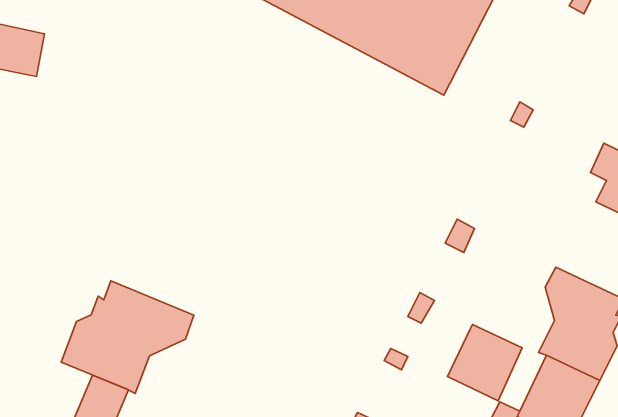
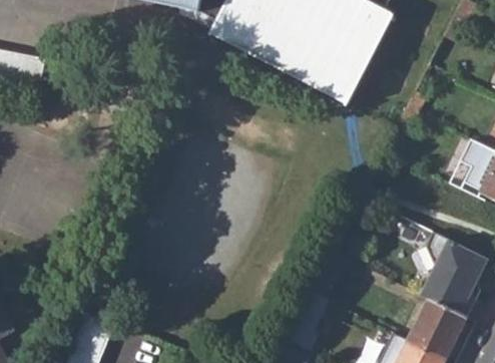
building: [61,281,194,394] -> none
building: [448,324,522,401] -> none

